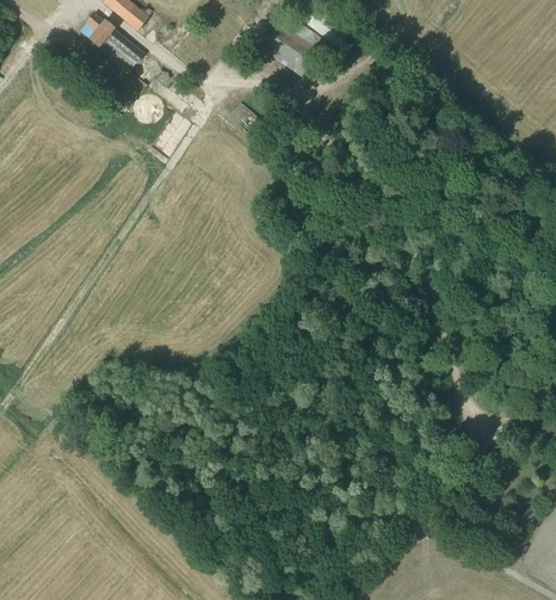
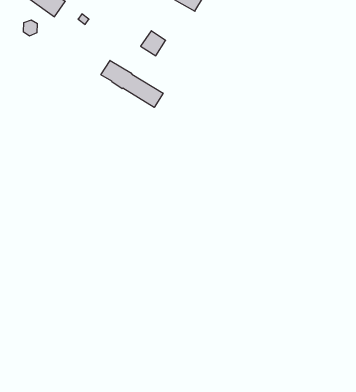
building: none -> [101,60,163,107]

